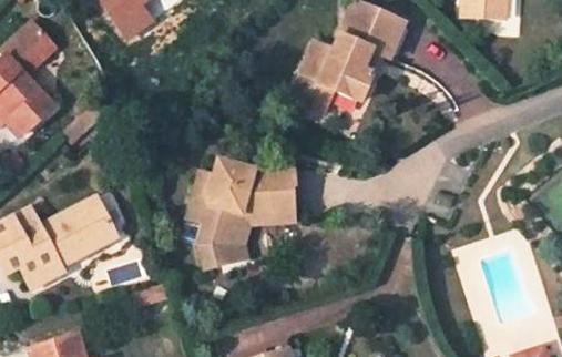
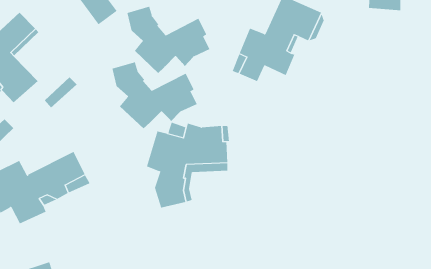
building: none -> [127,6,210,74]
building: none -> [112,61,197,129]

